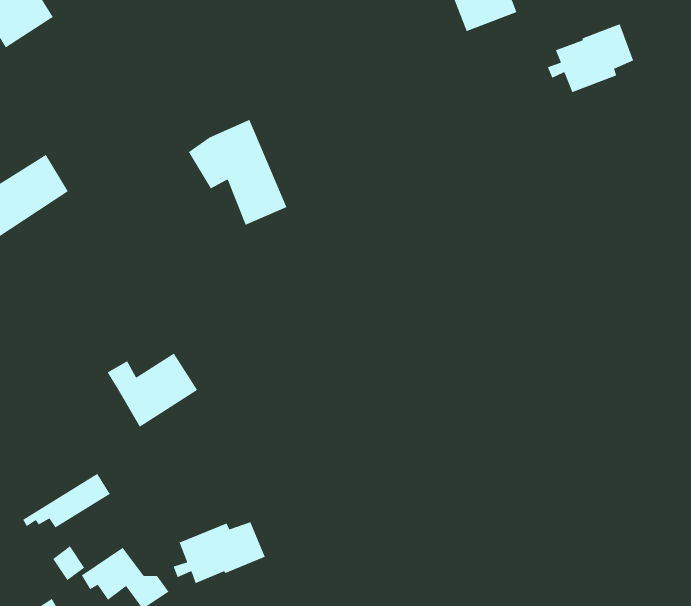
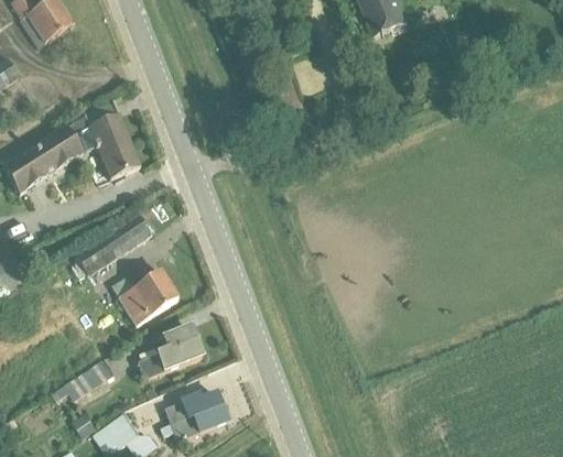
building: [547,23,634,93] -> none
building: [188,119,287,226] -> [67,100,140,178]
building: none -> [79,211,151,271]
building: none -> [137,327,202,378]

